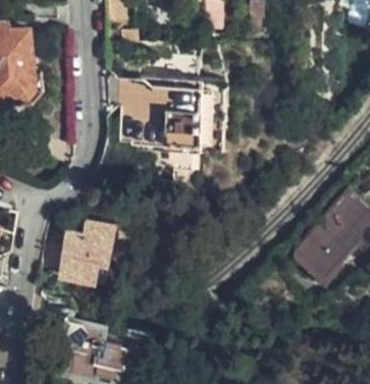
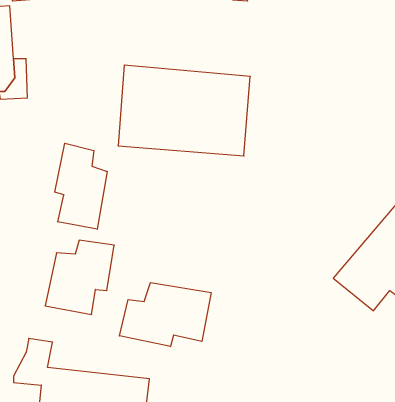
building: none -> [55,143,107,229]
building: none -> [119,283,211,347]

